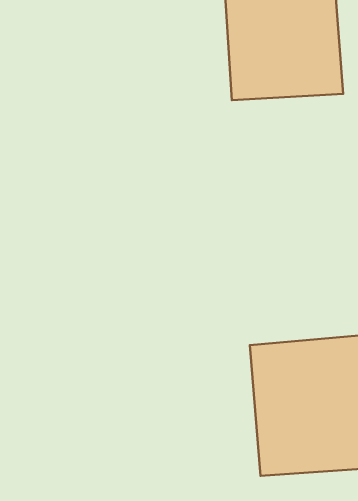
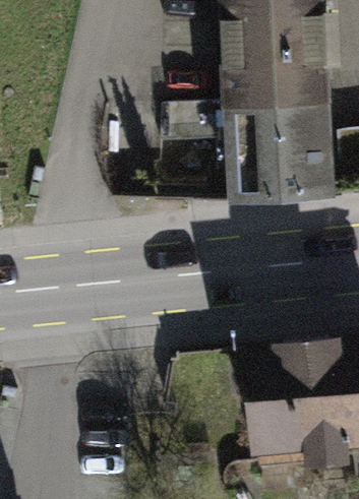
building: none -> [226,102,340,206]

